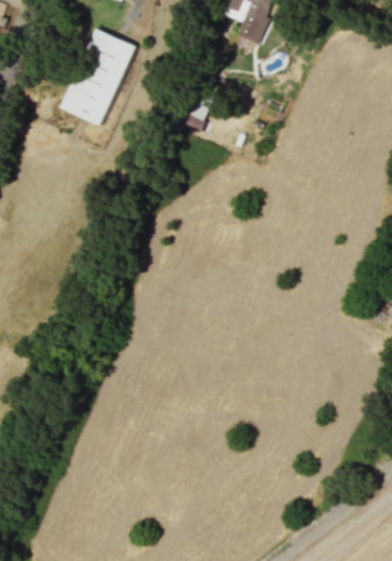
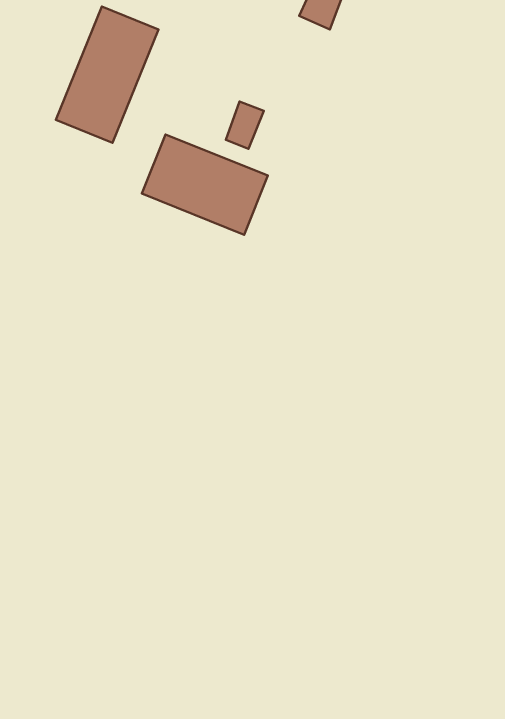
building: none -> [142,134,268,235]

